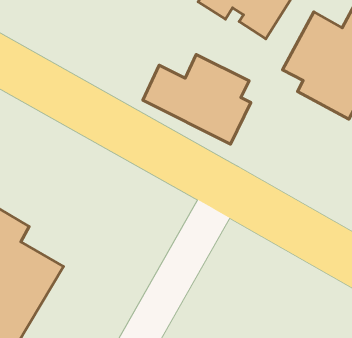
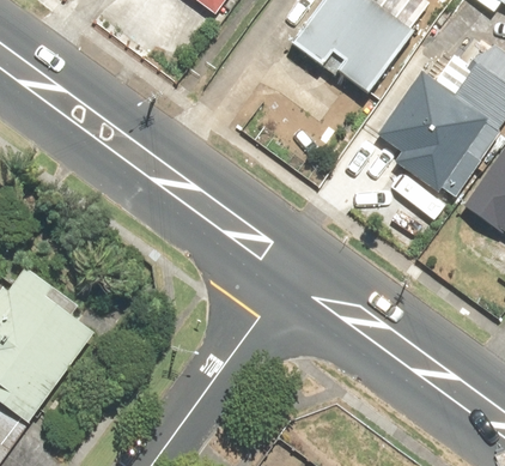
building: [143,55,251,144] -> none

